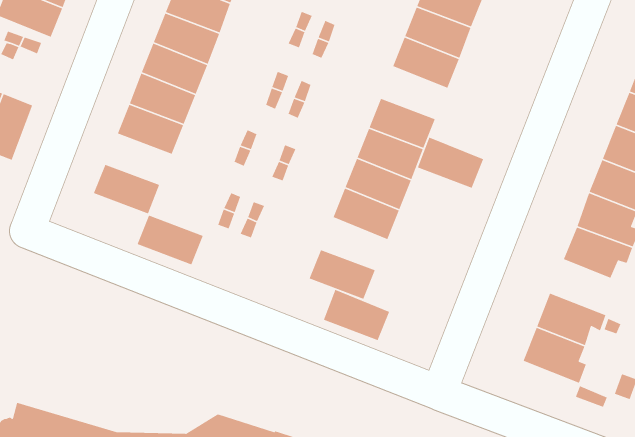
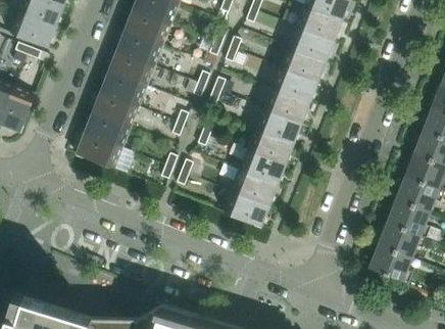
building: [417,136,484,189] -> [270,69,316,105]
building: [136,215,204,265] -> [83,115,129,150]
building: none -> [386,201,430,239]
building: [323,289,390,341] -> [230,173,276,208]

